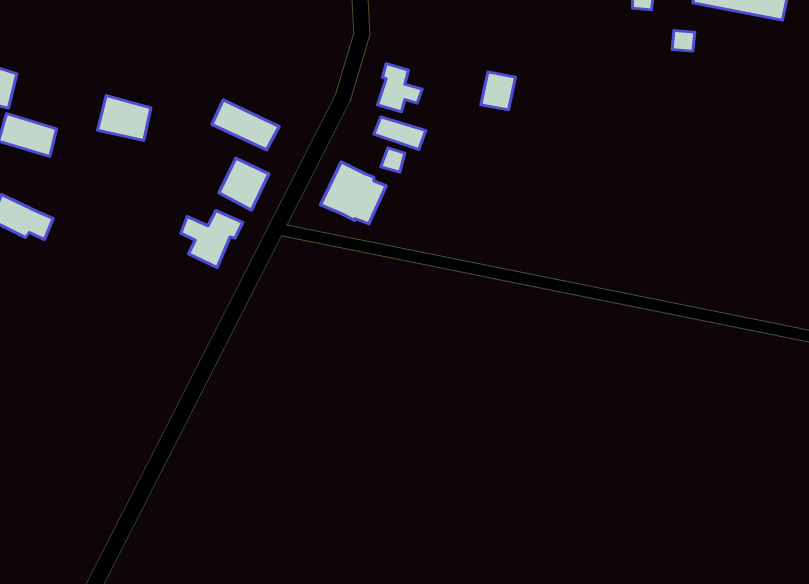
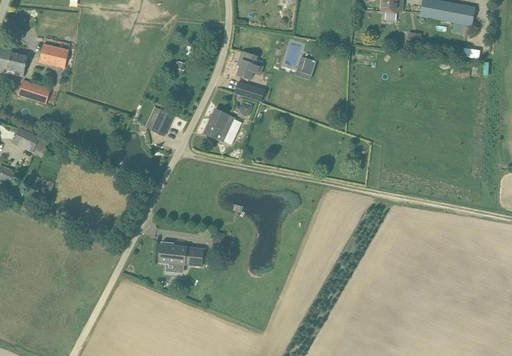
building: [97,96,151,140] -> [38,42,69,68]
building: [212,100,279,150] -> none
building: [181,210,243,268] -> none
building: none -> [158,241,203,272]

